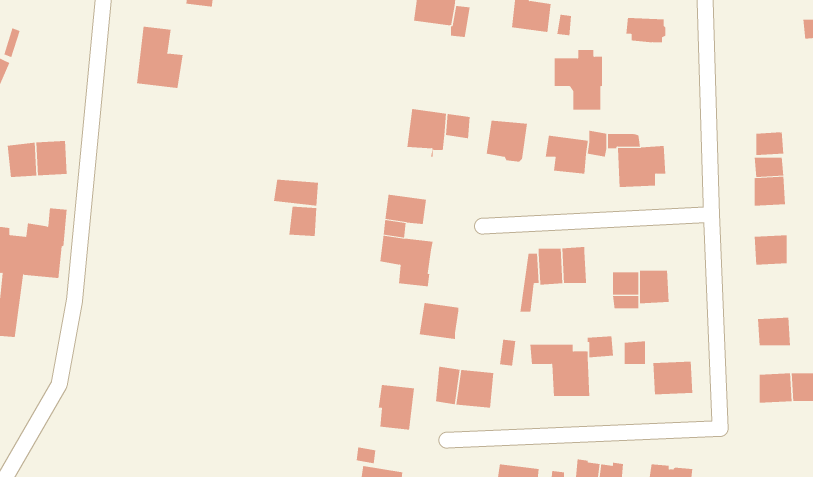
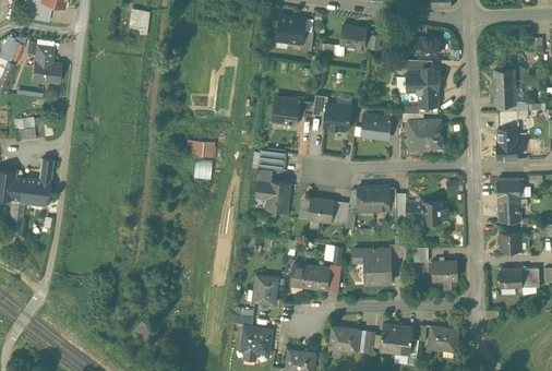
building: [136,26,183,89] -> [32,45,62,85]
building: [554,49,603,110] -> [407,67,439,106]
building: none -> [492,70,515,105]
building: none -> [499,196,523,219]
building: [419,302,459,339] -> [308,198,334,222]

